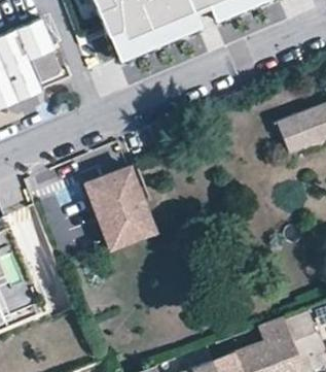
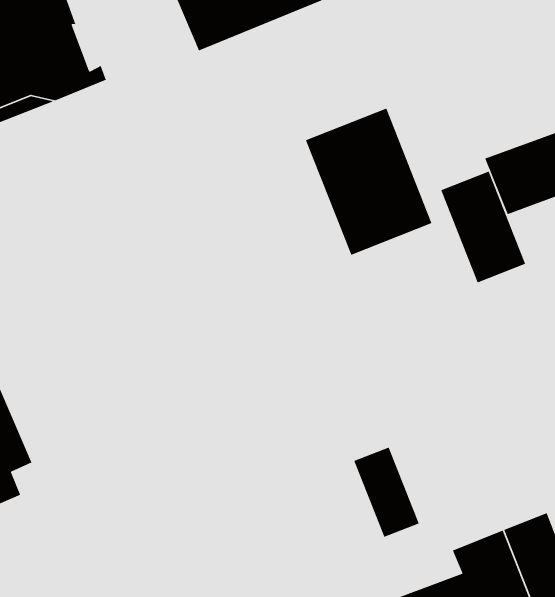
building: none -> [440,171,526,284]
building: [87,173,156,253] -> [305,108,433,256]
building: none -> [353,446,420,538]

